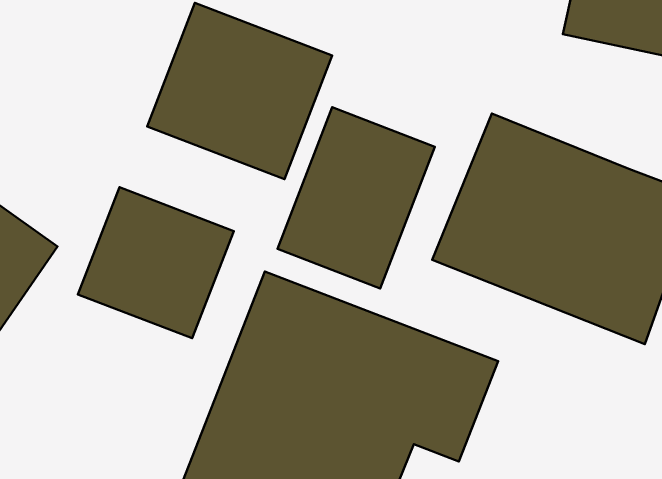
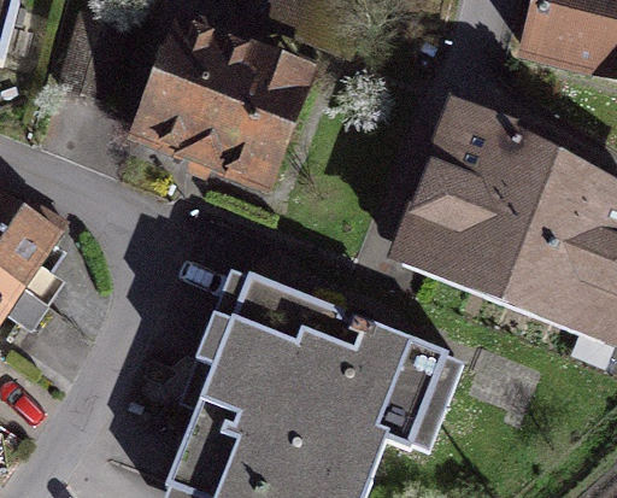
building: [278,107,435,288] -> none
building: [78,187,234,338] -> none

